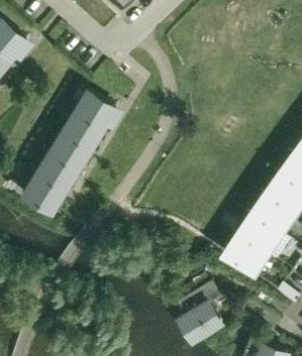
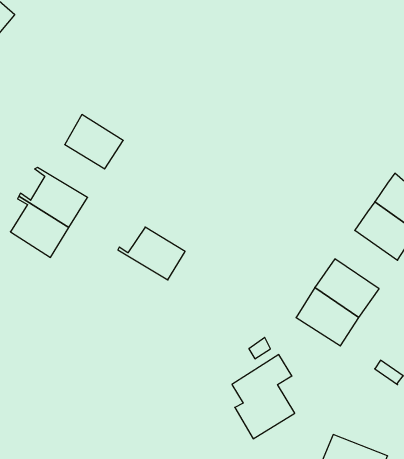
building: [71,87,114,130] -> none
building: [40,133,88,170] -> [118,227,185,280]
building: [250,194,295,235] -> none

